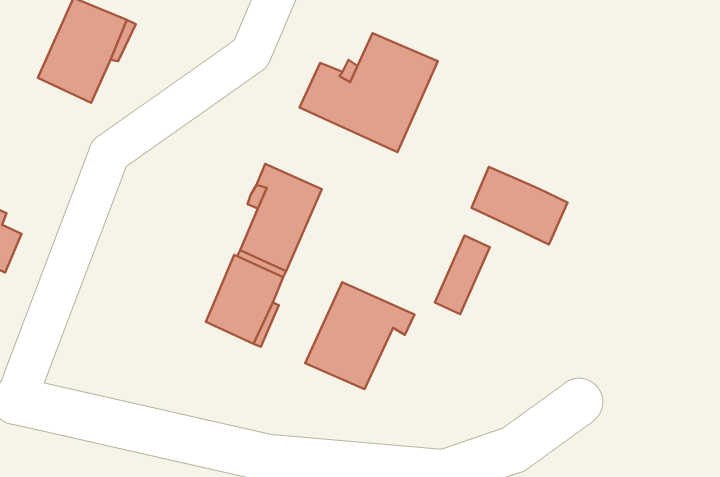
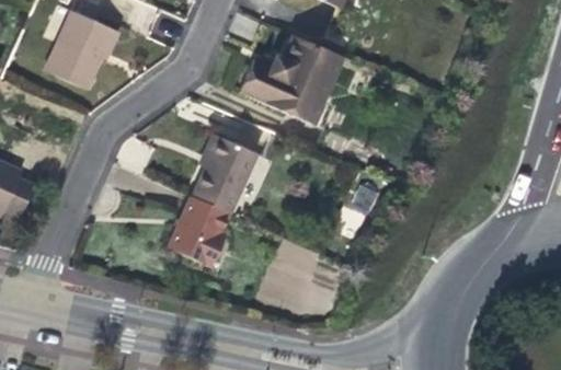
building: [471,167,568,244] -> none
building: [305,282,414,389] -> none

